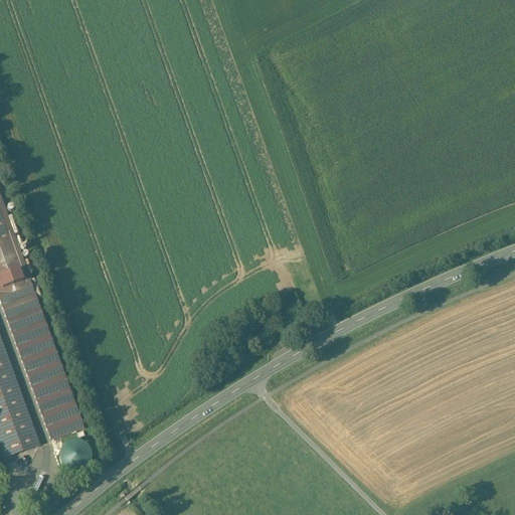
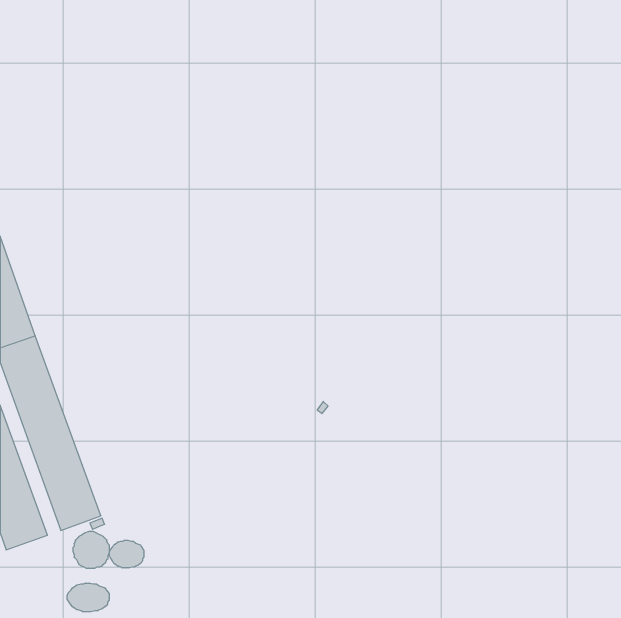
building: none -> [109,540,144,568]
building: none -> [67,583,109,612]

